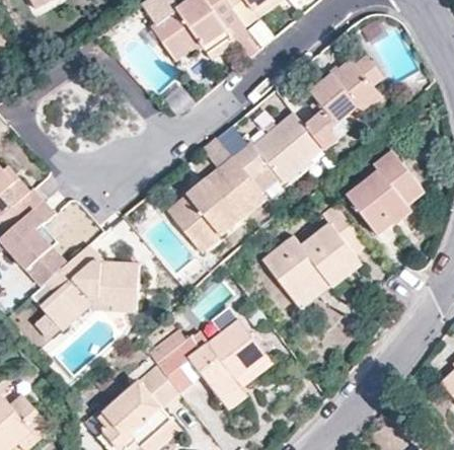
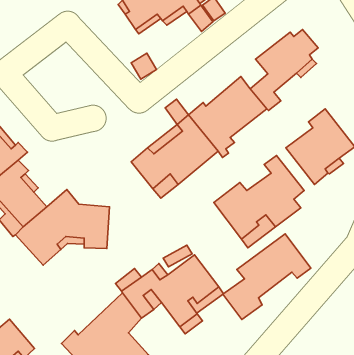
building: none -> [223,234,311,319]

